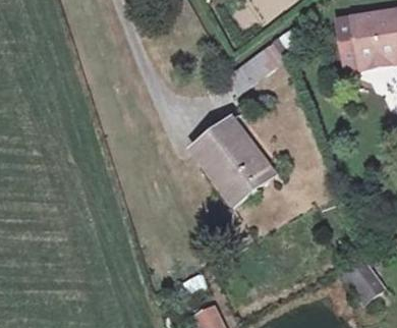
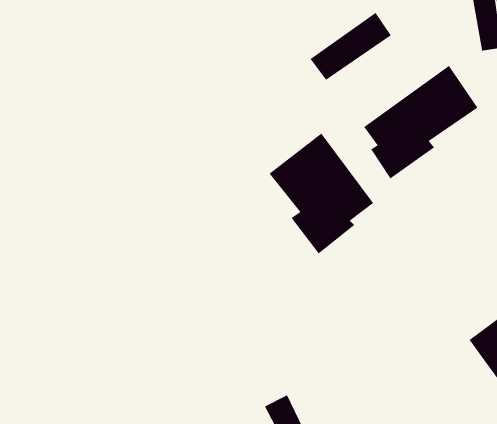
building: none -> [363,65,479,180]

